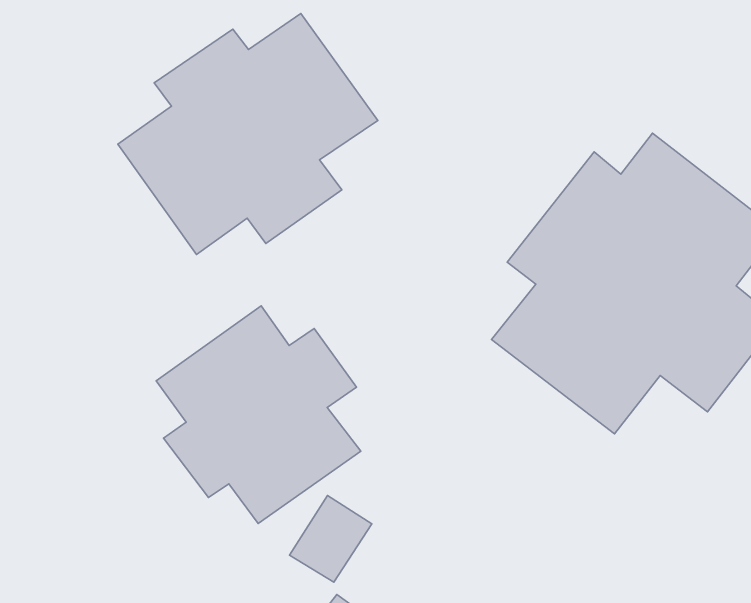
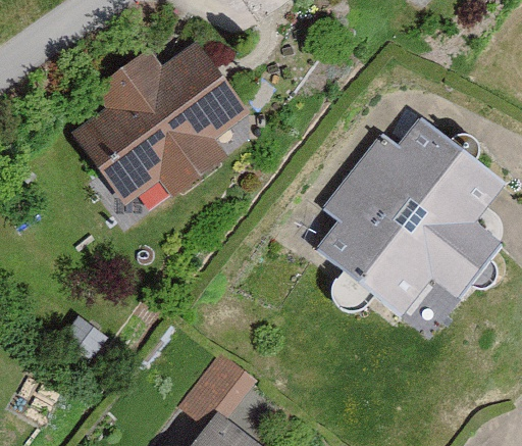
building: [156,306,361,524] -> none

